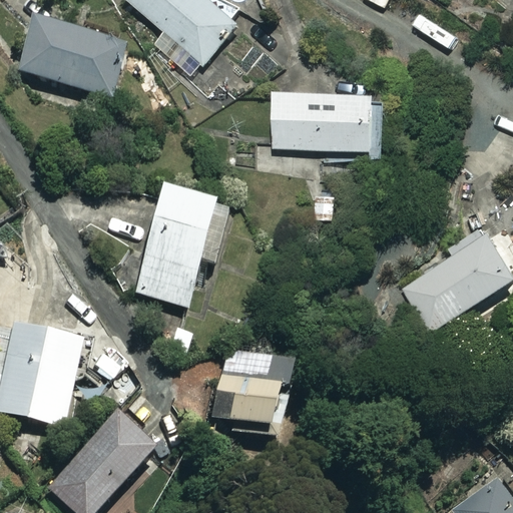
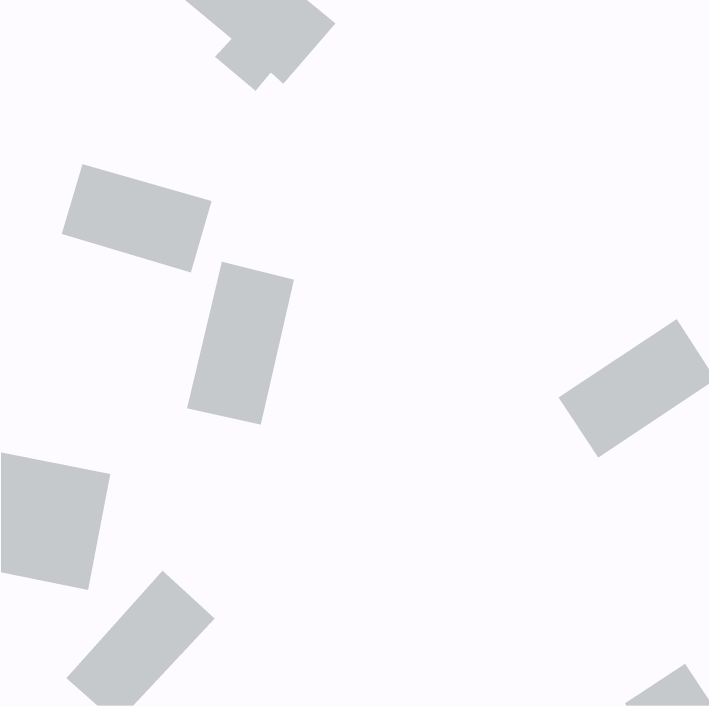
building: [19,20,128,99] -> [61,163,212,273]
building: [275,88,383,156] -> none
building: [211,351,283,438] -> none

